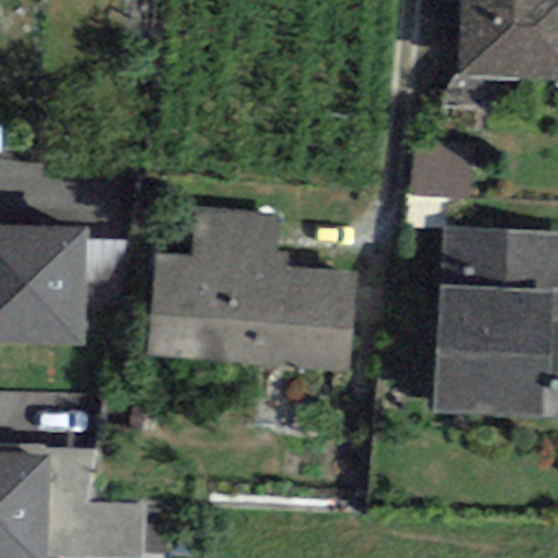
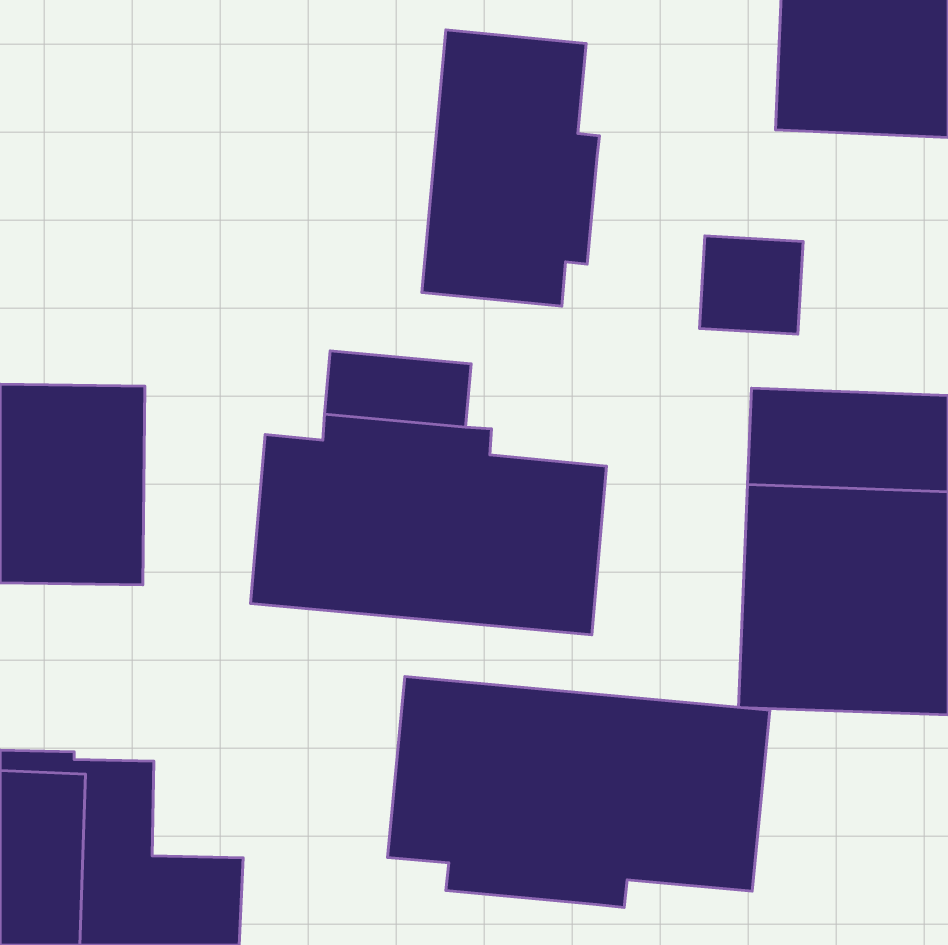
building: none -> [422,30,599,306]
building: none -> [387,677,770,908]

